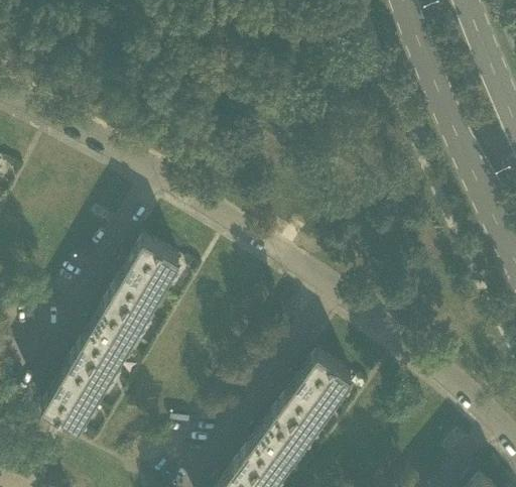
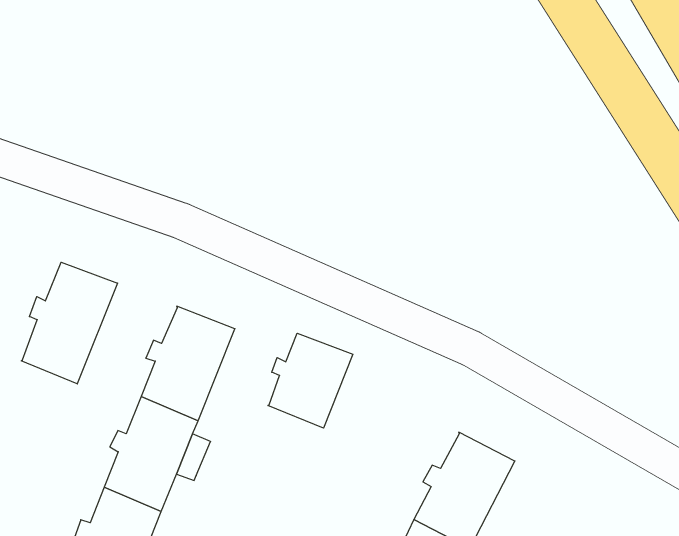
building: none -> [21,262,118,384]
building: none -> [268,333,353,428]

